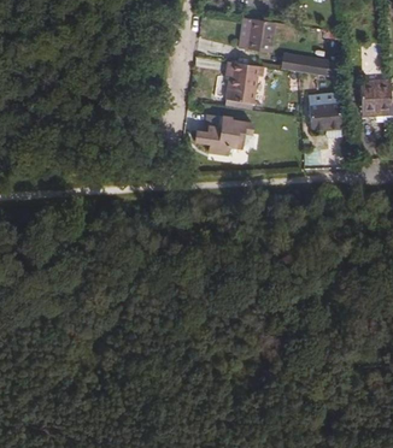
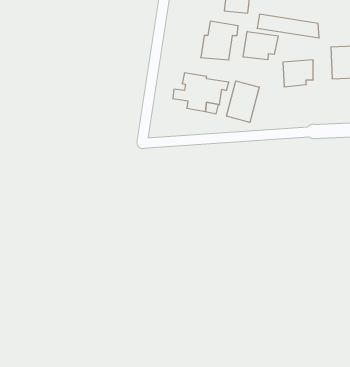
building: none -> [243,31,278,60]
building: none -> [227,81,259,122]

